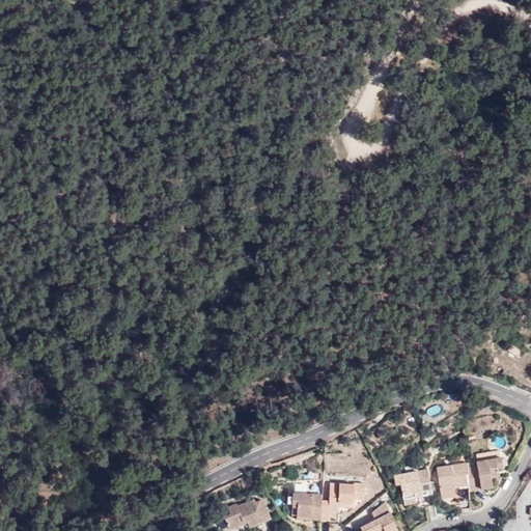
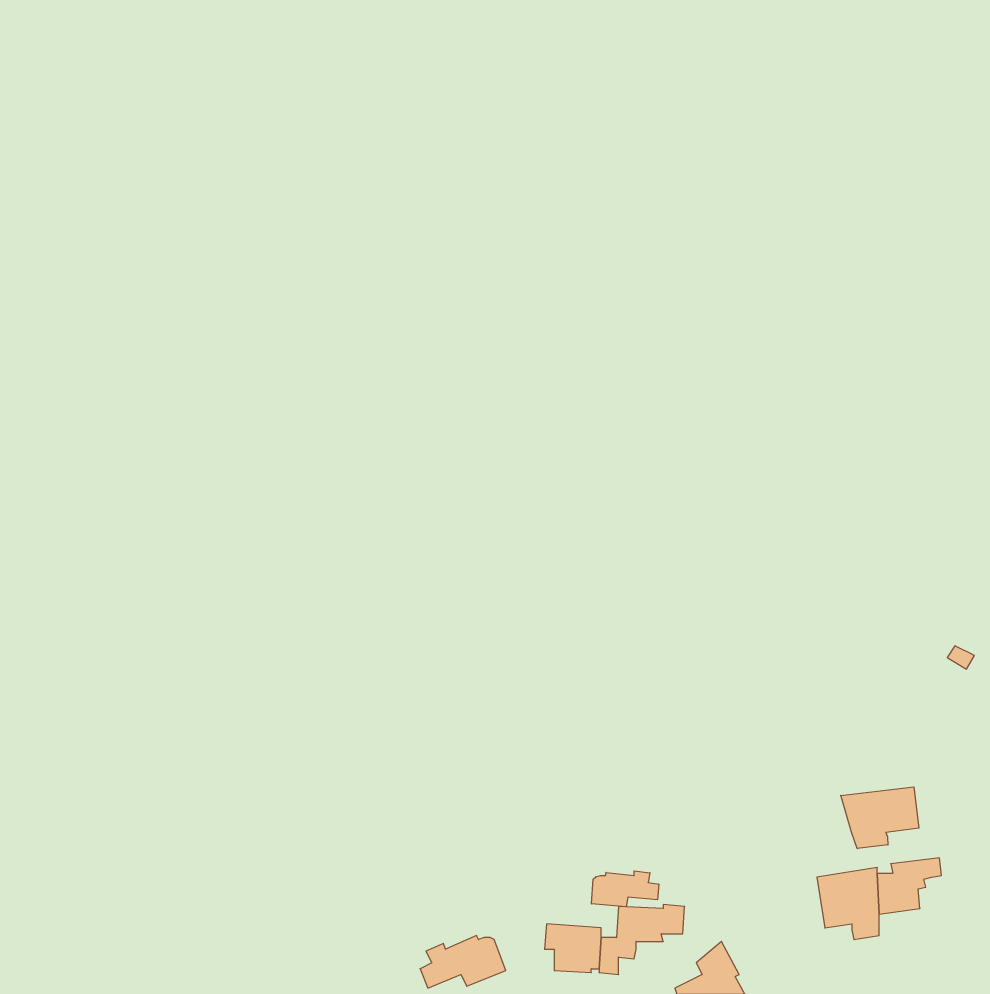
building: none -> [841,787,919,849]
building: none -> [592,871,659,907]
building: [393,470,431,499] -> none

